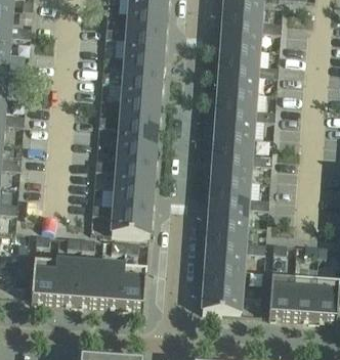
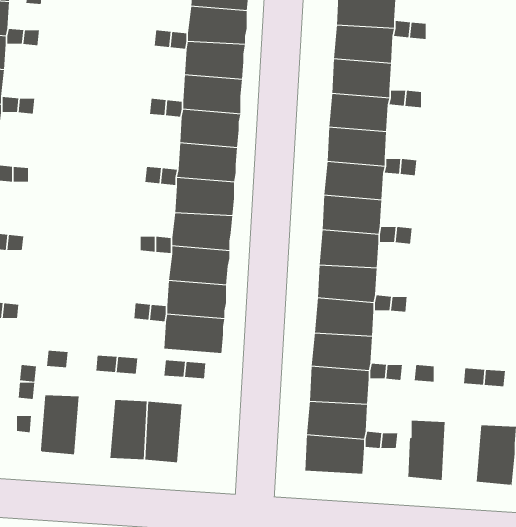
building: [54,257,80,297] -> none
building: [121,262,146,302] -> none
building: [292,273,316,312] -> none

